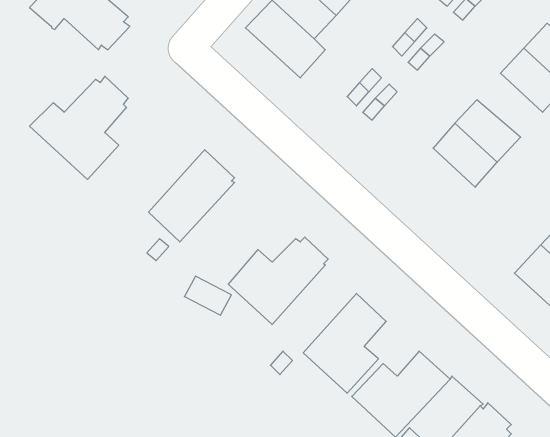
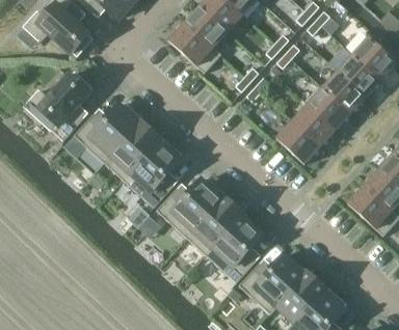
building: none -> [322,70,366,112]
building: none -> [74,104,141,162]
building: none -> [276,119,321,163]
building: none -> [125,139,180,208]
building: none -> [186,196,243,255]

